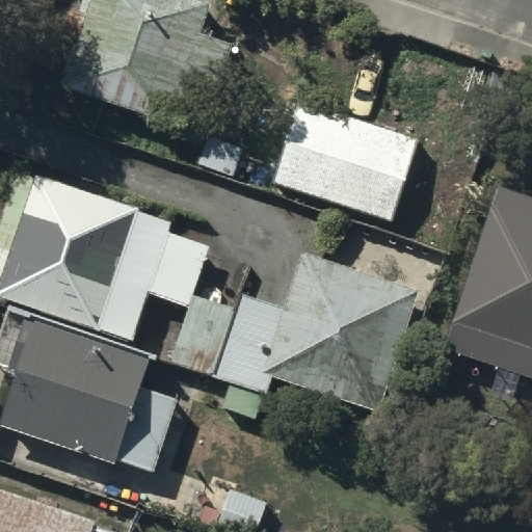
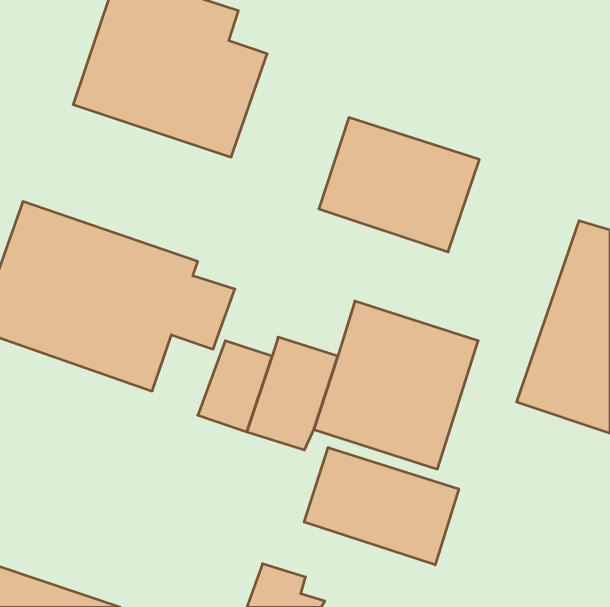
building: [6,322,175,473] -> none
building: none -> [304,447,459,565]

